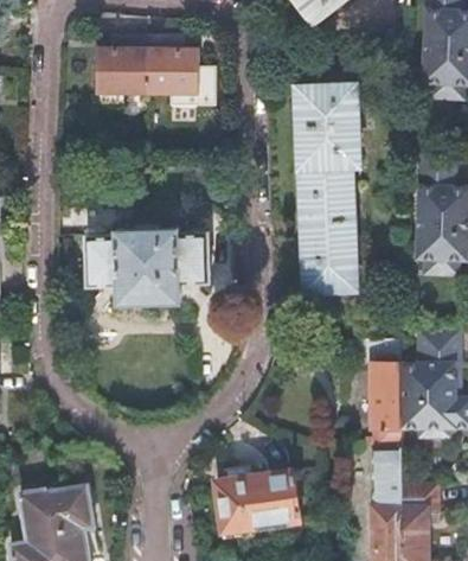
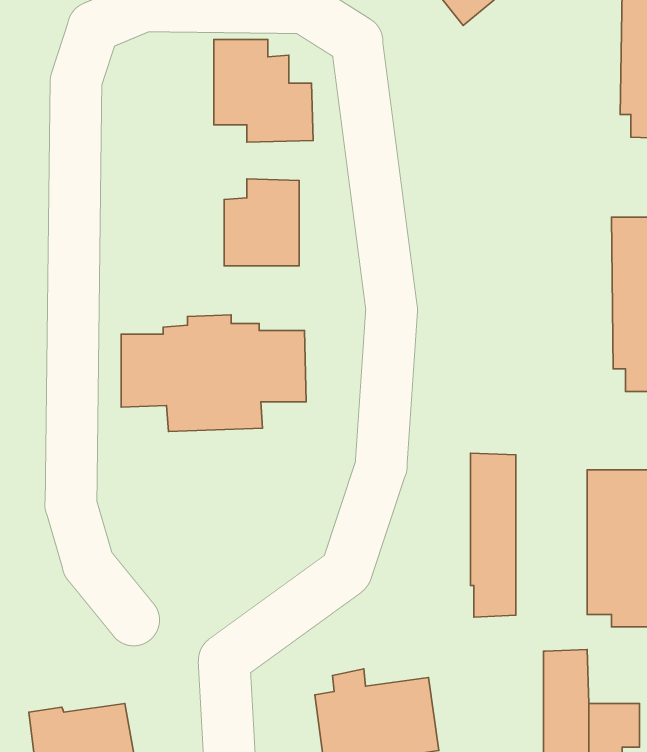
building: [96,36,147,95] -> [224,179,299,266]
building: [297,88,359,294] -> none
building: [370,342,400,453] -> [470,453,516,617]

